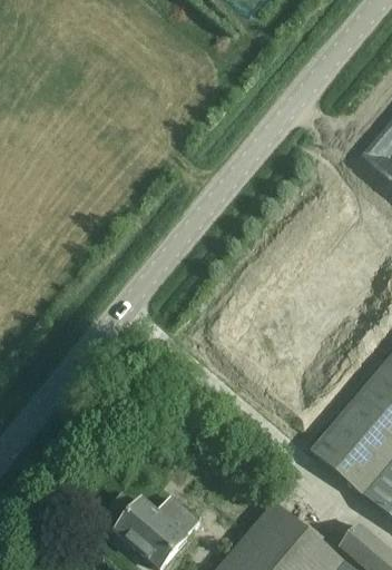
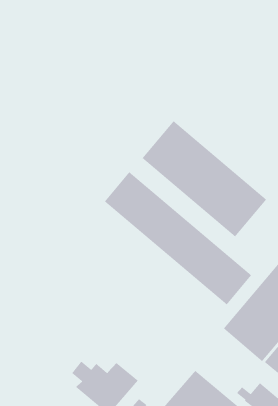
building: none -> [141,120,267,238]
building: none -> [104,171,252,306]

